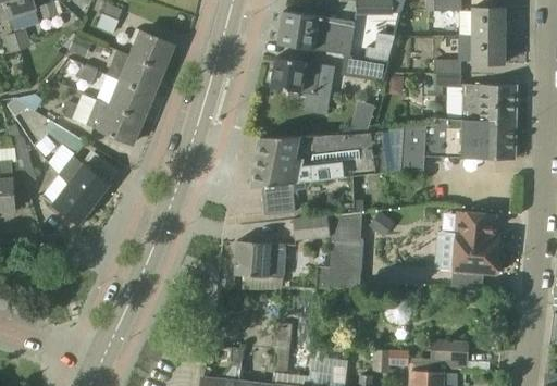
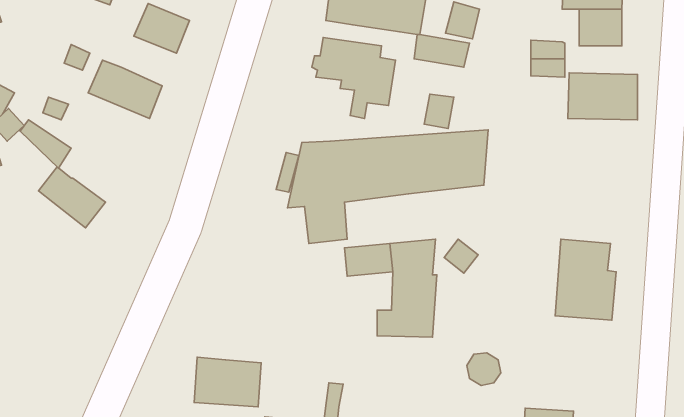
building: [108,50,164,95] -> none
building: [87,100,144,145] -> none
building: [399,119,517,171] -> none
building: [42,175,95,224] -> none
building: [235,240,286,278] -> [194,357,261,407]

